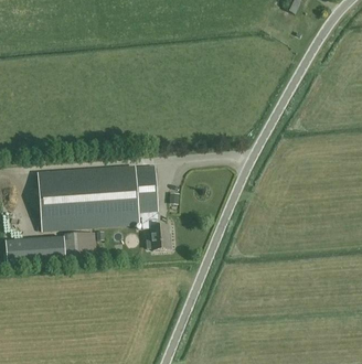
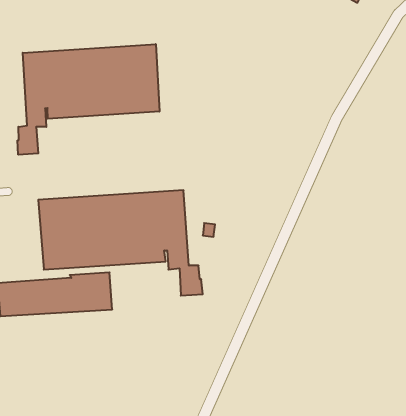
building: none -> [18,44,159,155]

